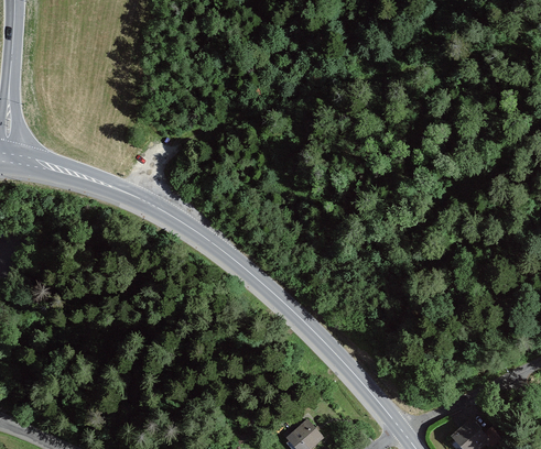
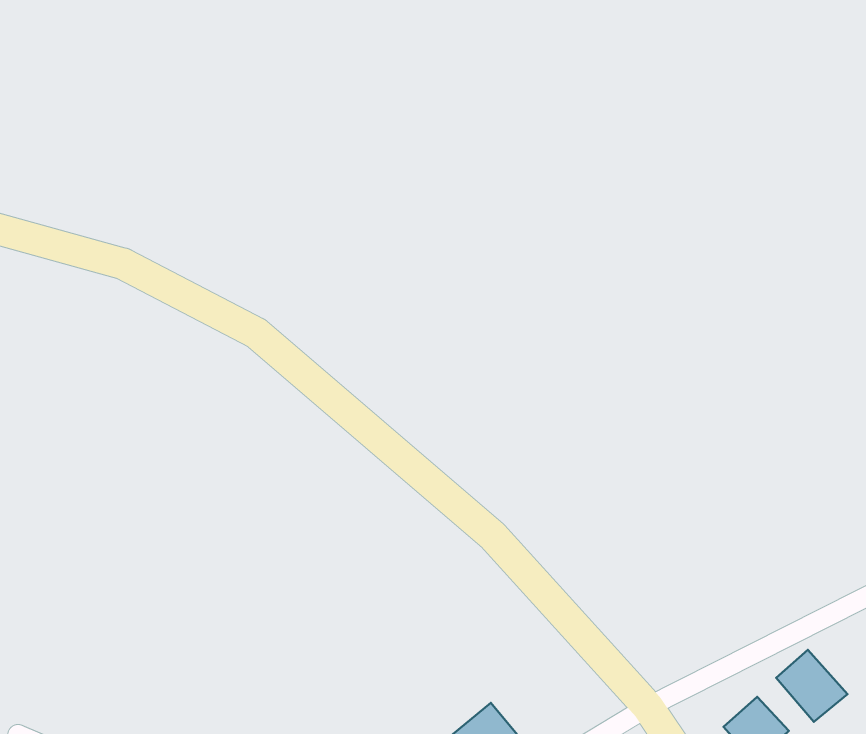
building: none -> [776,650,847,722]

